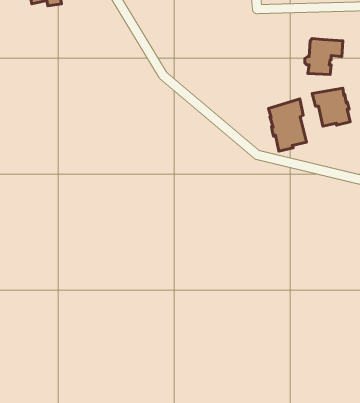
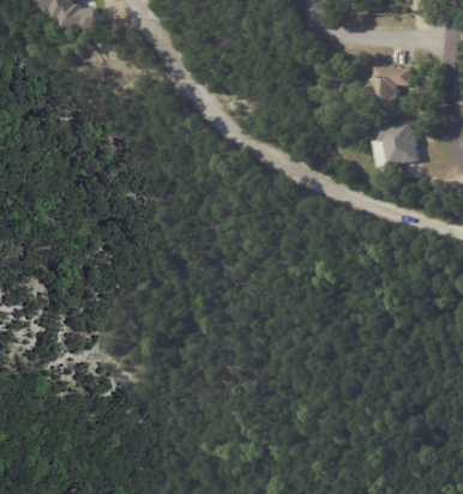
building: [269,99,307,151] -> none

